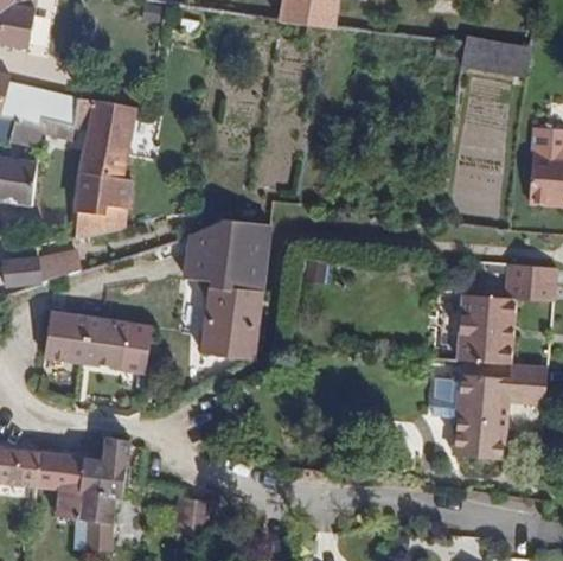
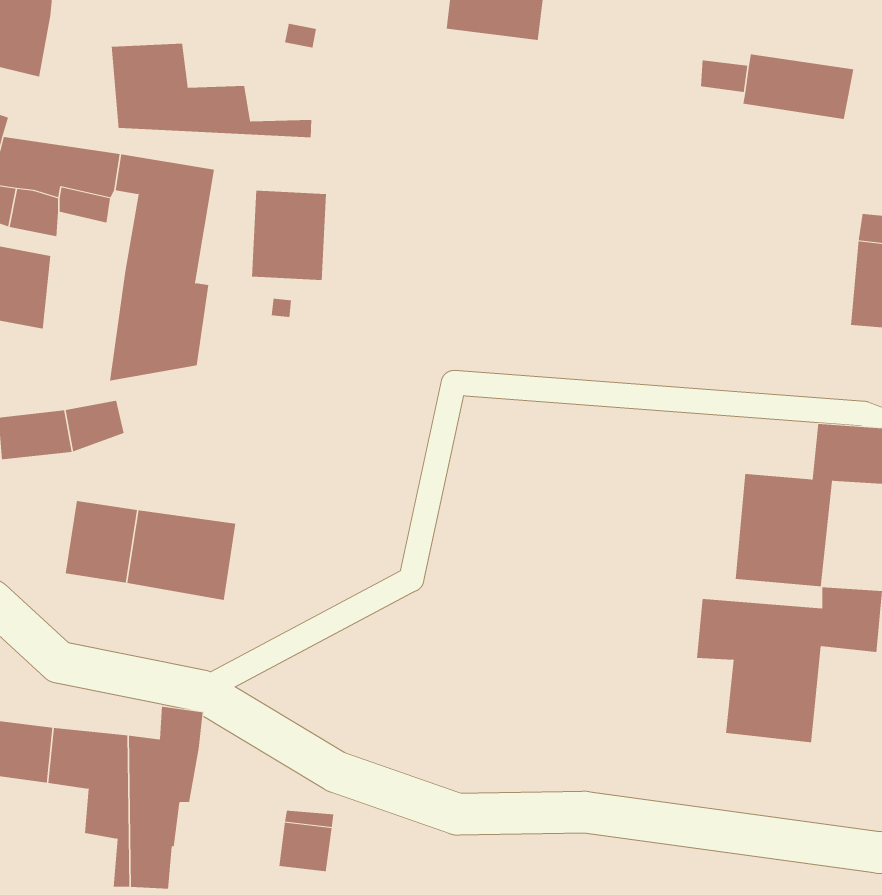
building: none -> [111,43,312,138]
building: none -> [252,190,326,281]
building: [185,222,273,358] -> none

